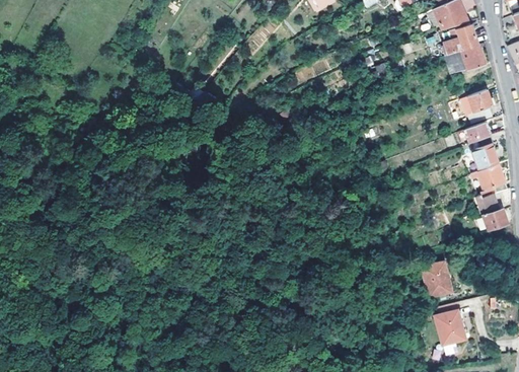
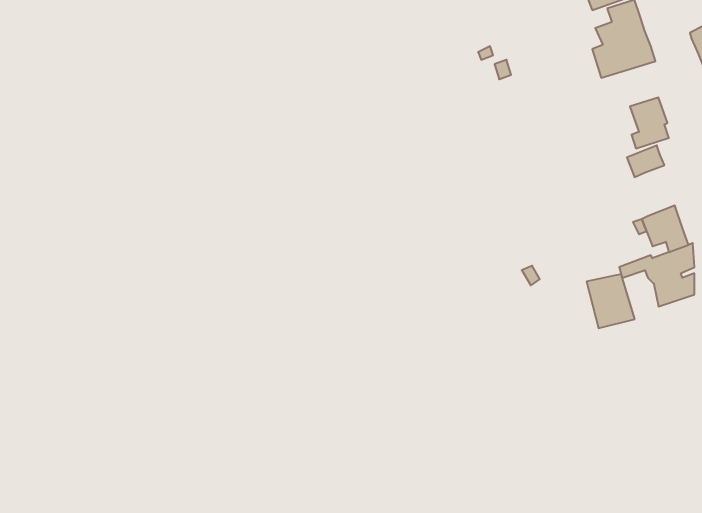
building: [472,134,498,168] -> none
building: [421,261,453,297] -> [587,274,635,328]
building: [435,310,464,356] -> none

